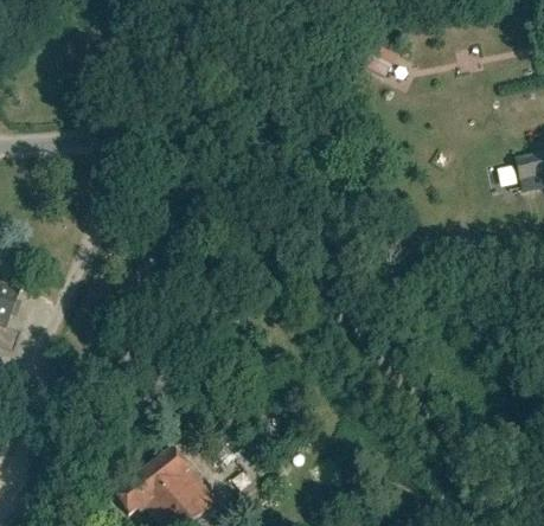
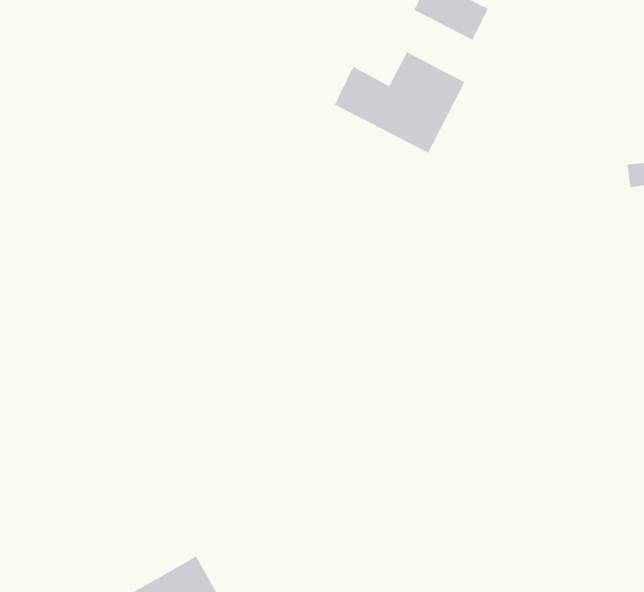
building: none -> [334,51,466,154]

